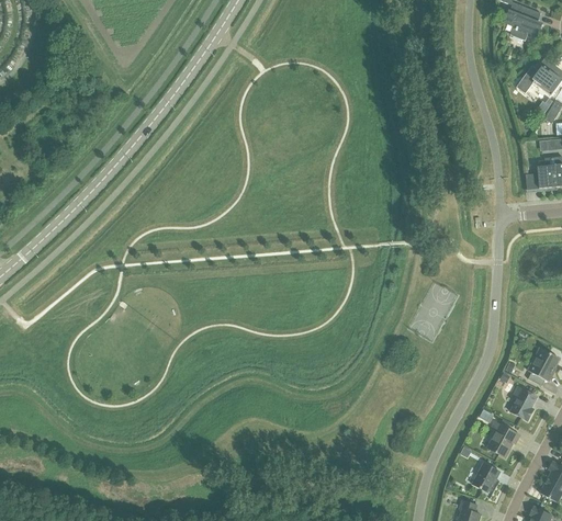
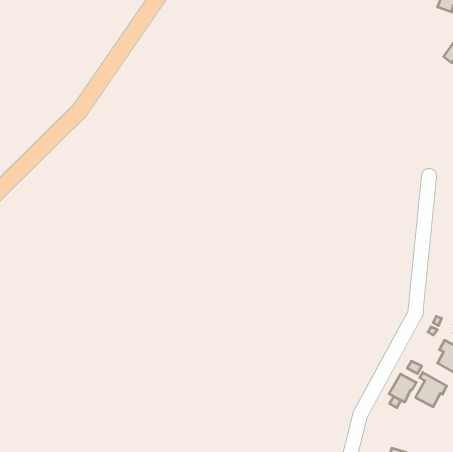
building: [472,462,501,491] -> [389,374,416,402]

